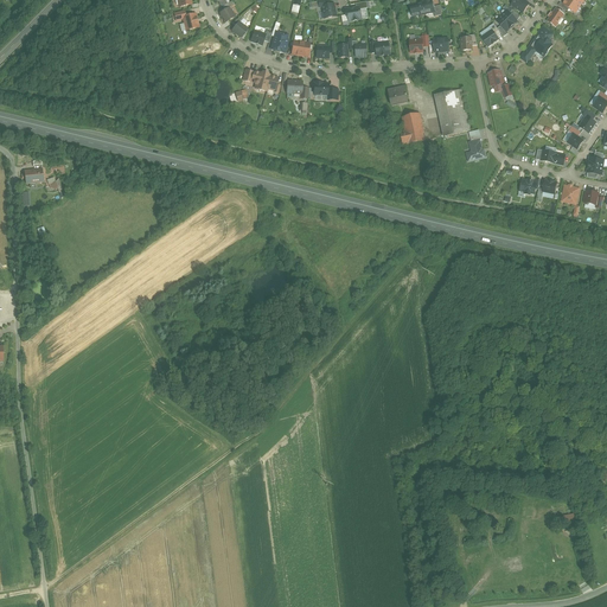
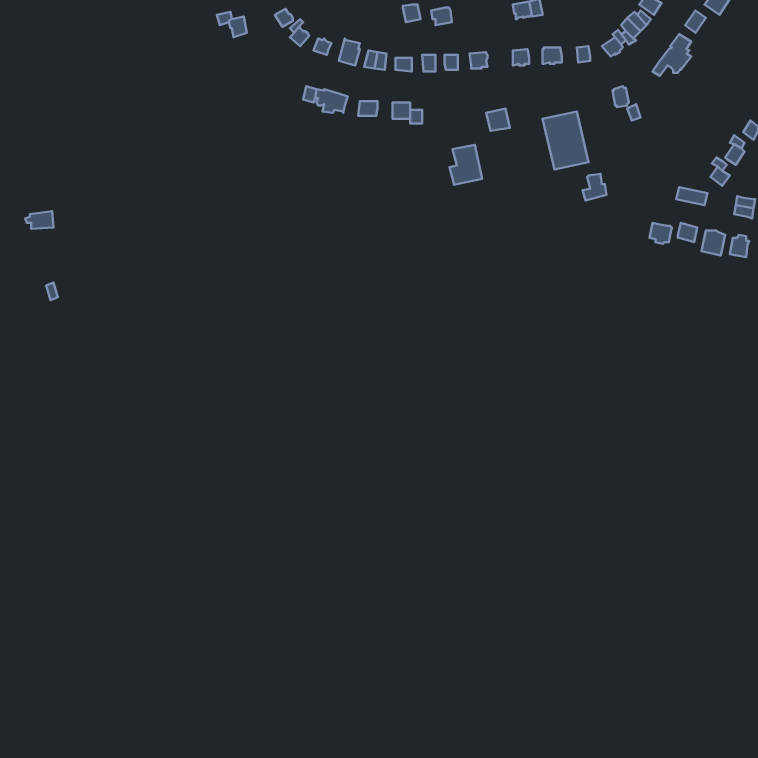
building: [398,113,424,145] -> [450,145,482,185]

